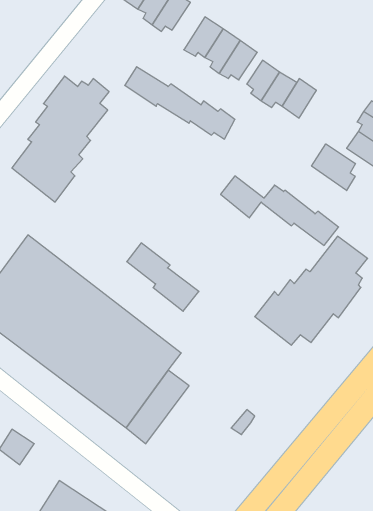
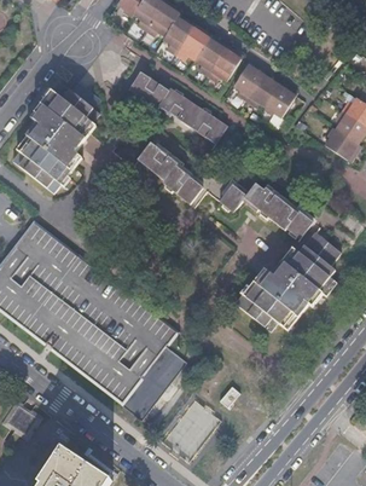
building: none -> [162,13,193,53]
building: [312,144,355,191] -> none
building: [127,243,199,311] -> [139,135,205,198]

